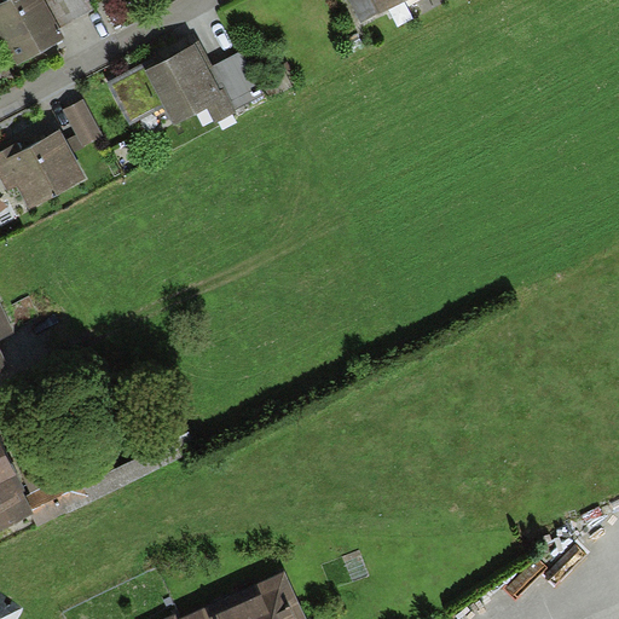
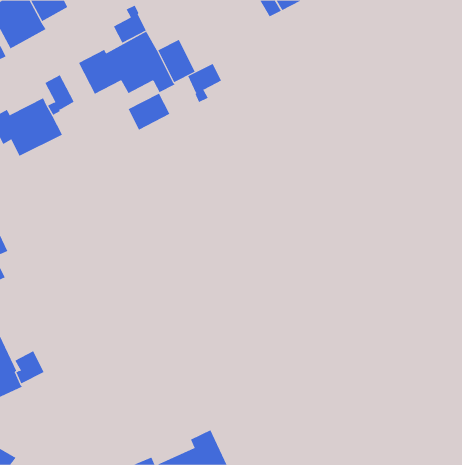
building: none -> [113,5,146,43]
building: none -> [187,63,222,103]
building: none -> [128,93,170,130]

